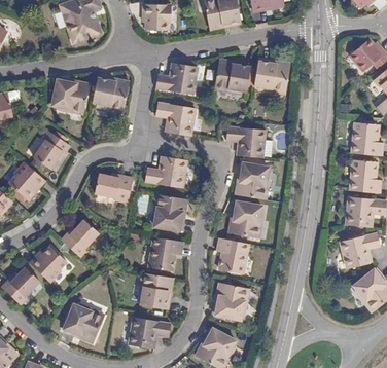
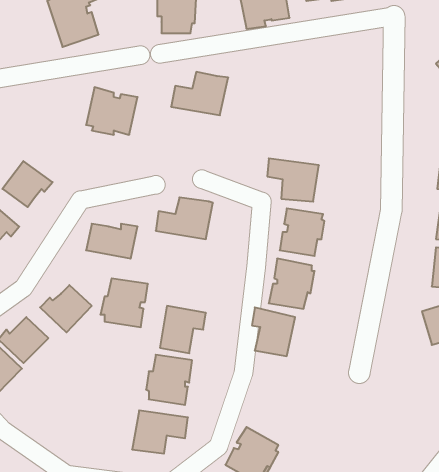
building: [215,61,250,95] -> none
building: [253,61,289,94] -> none
building: [54,77,91,110] -> none
building: [155,102,196,137] -> none
building: [150,194,185,230] -> [100,278,148,327]
building: [212,283,244,319] -> none
building: [62,303,101,340] -> none

